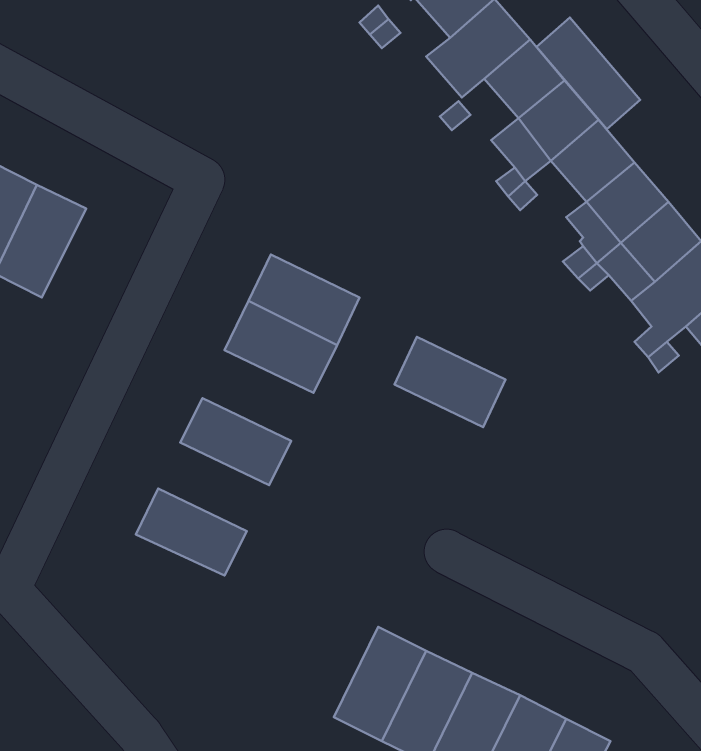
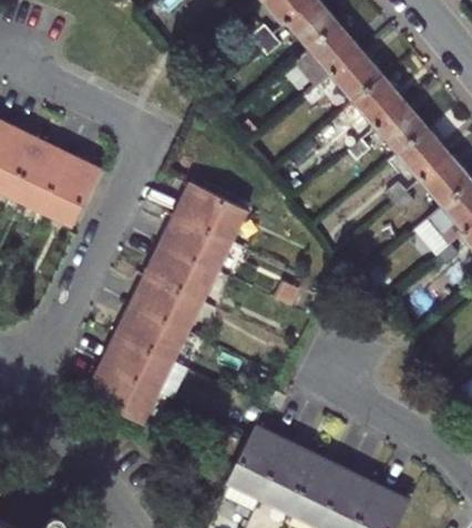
building: [536,18,640,129] -> none
building: none -> [41,155,100,227]
building: [394,337,505,427] -> [145,247,217,306]
building: none -> [116,307,188,364]
building: none -> [88,366,160,424]

